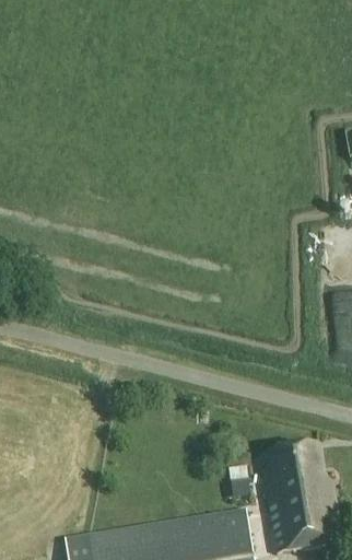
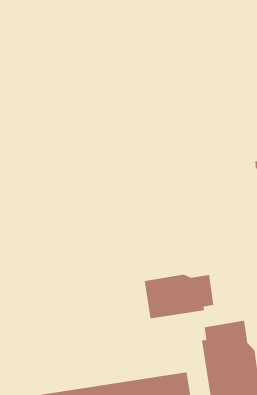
building: none -> [144,274,214,319]

